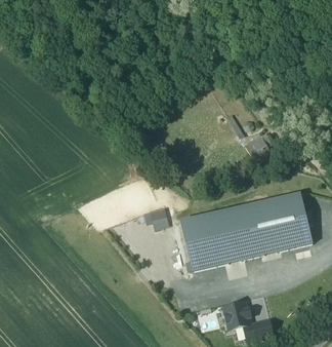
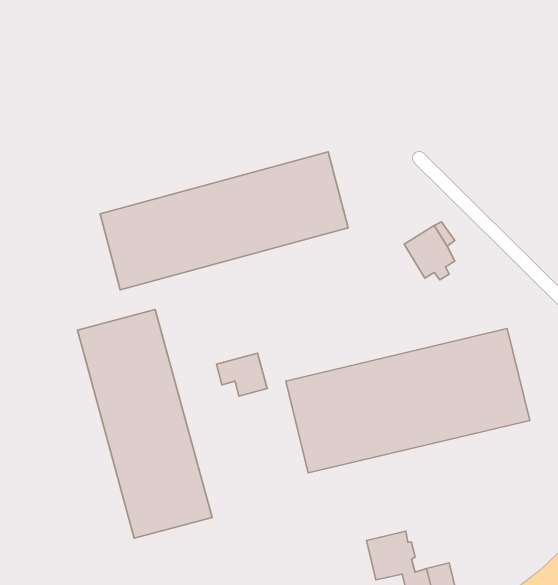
building: none -> [100,152,348,290]
building: none -> [77,310,212,538]

